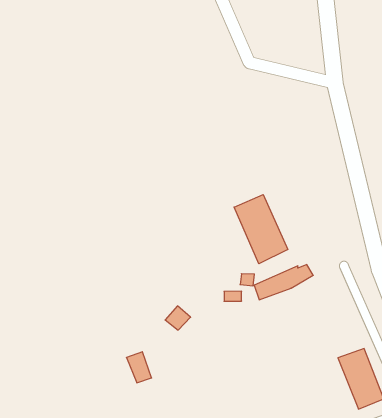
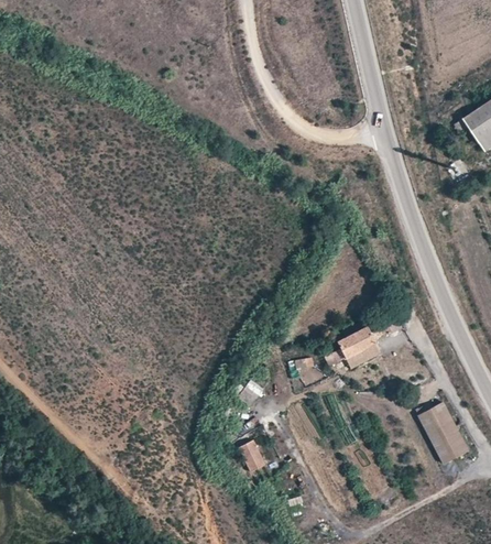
building: [234,195,288,264] -> none
building: [126,352,152,383] -> [238,440,265,472]

